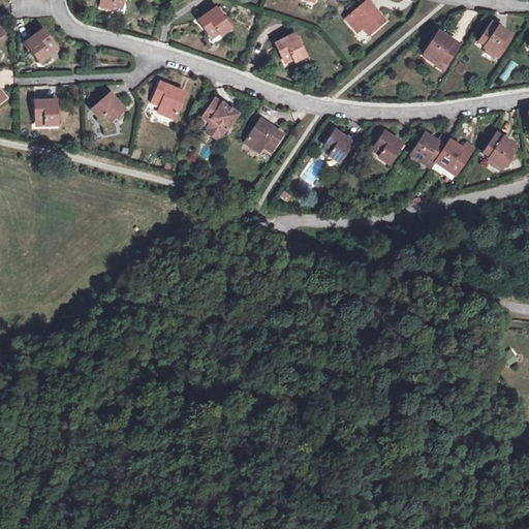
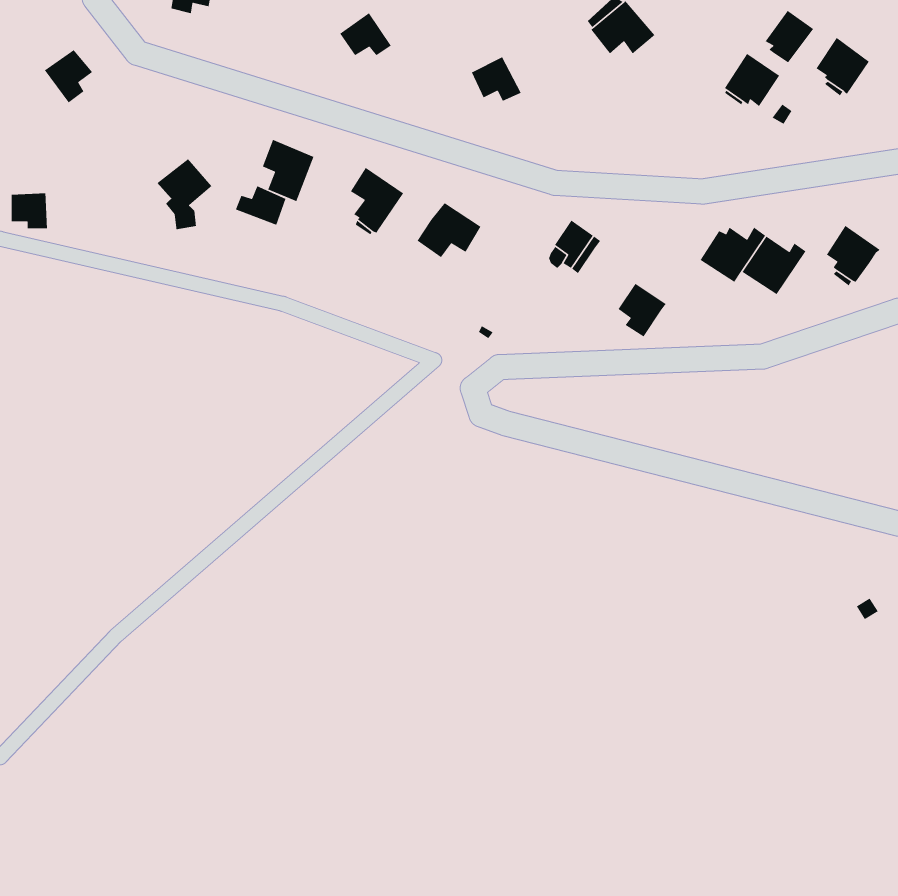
building: none -> [765,10,814,63]
building: [35,100,57,122] -> [11,192,48,229]
building: none -> [235,185,287,226]
building: [374,131,403,163] -> [618,283,667,337]

